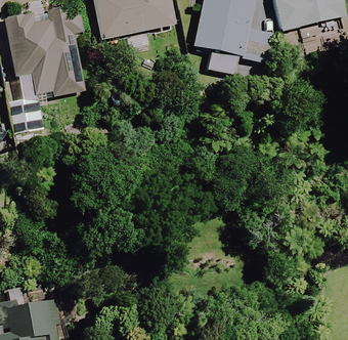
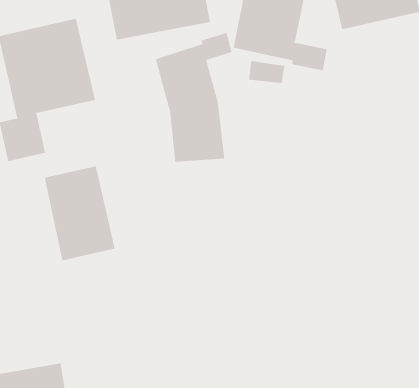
building: none -> [155,32,232,163]
building: none -> [44,166,115,261]

